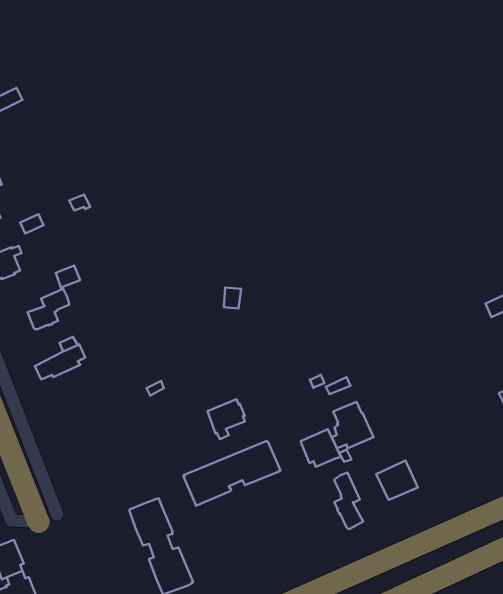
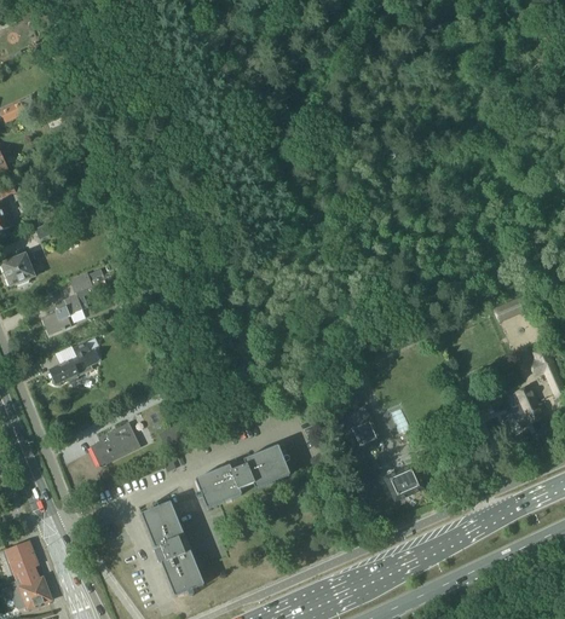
building: [207,399,245,439] -> none
building: none -> [90,422,139,465]
building: [301,429,341,467] -> none
building: [334,473,363,529] -> none

